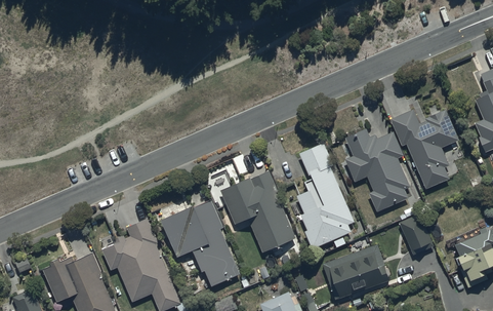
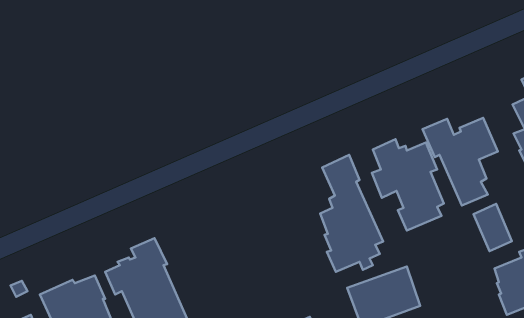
building: [221,170,295,252] -> none
building: [161,199,240,286] -> none
building: [399,212,434,256] -> [474,204,512,251]

